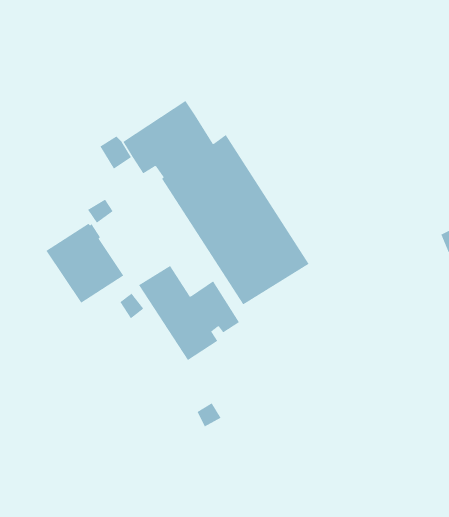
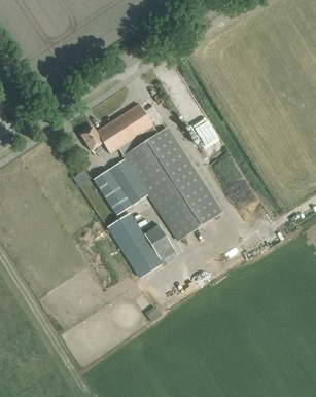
building: [45,223,124,303] -> [94,159,146,213]

